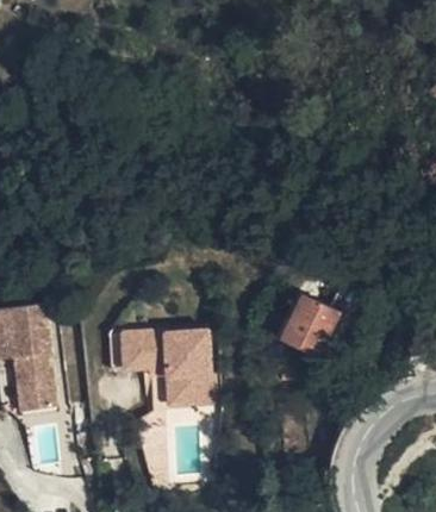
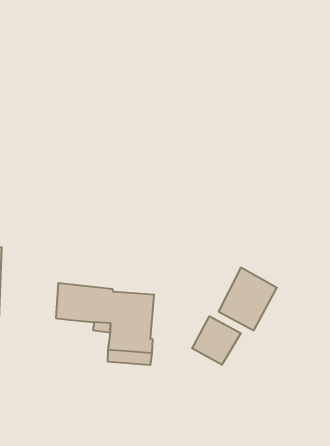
building: none -> [192,316,241,365]

